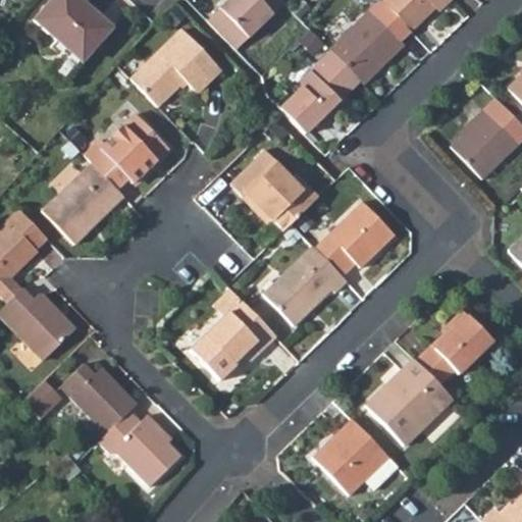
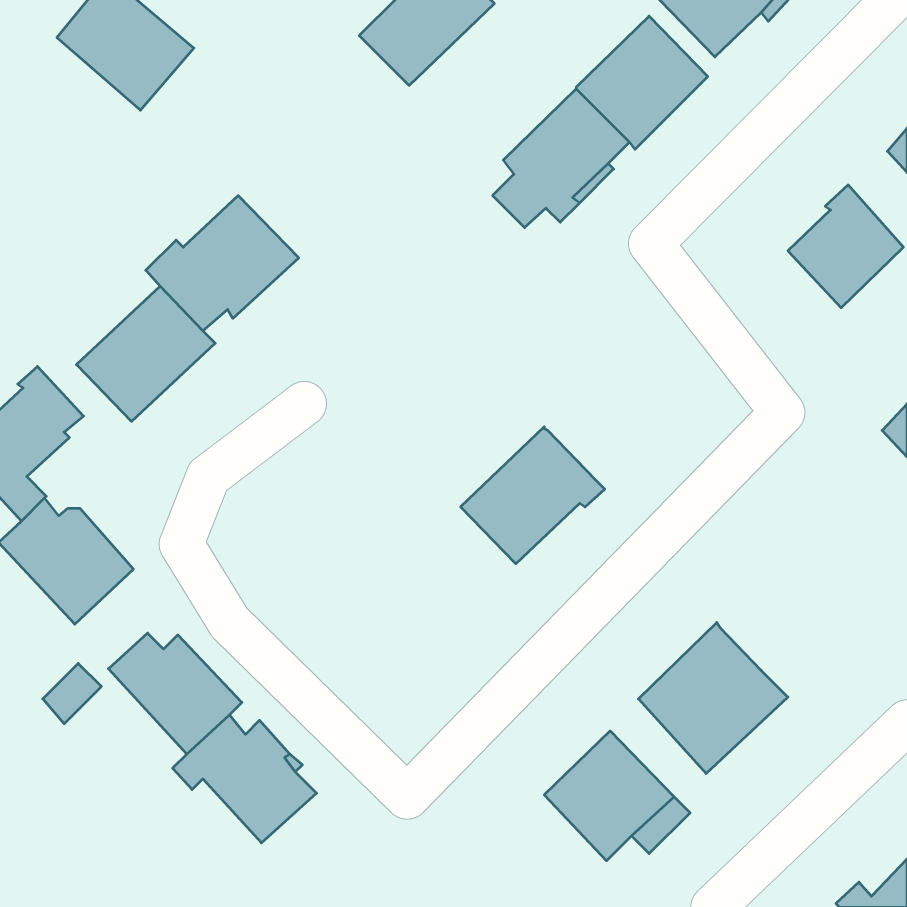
building: [132,28,222,106] -> none
building: [232,148,320,230] -> none
building: [314,201,395,275] -> none
building: [191,294,276,378] -> none
building: [413,310,489,384] -> none

